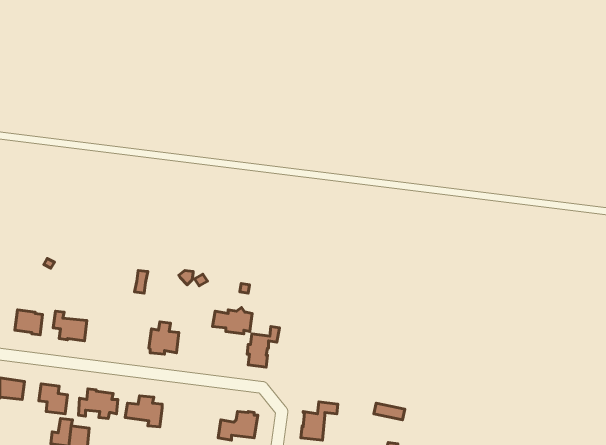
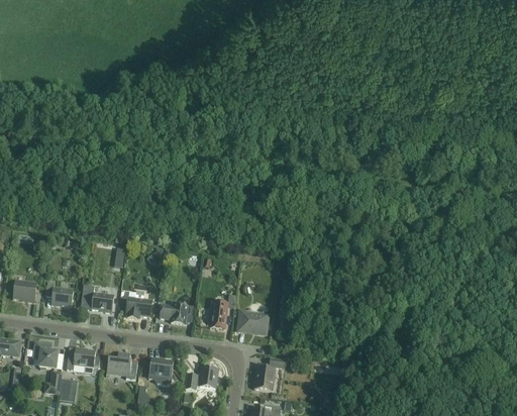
building: [213,307,252,334] -> [160,301,193,323]
building: none -> [81,284,114,312]
building: none -> [237,309,269,333]
building: none -> [148,356,174,384]

